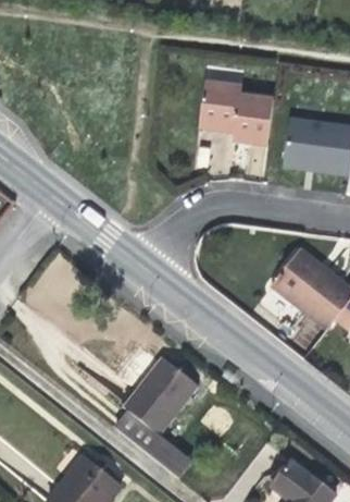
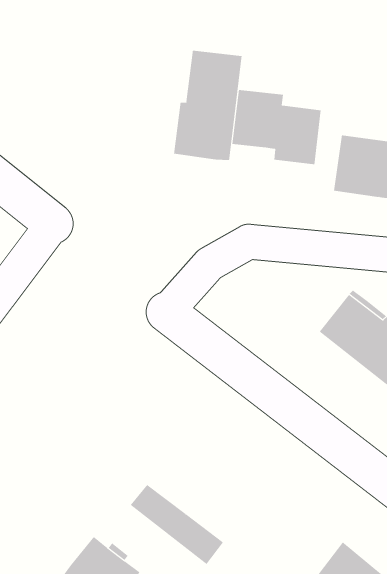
building: none -> [173,50,242,161]
building: [123,356,200,436] -> none

